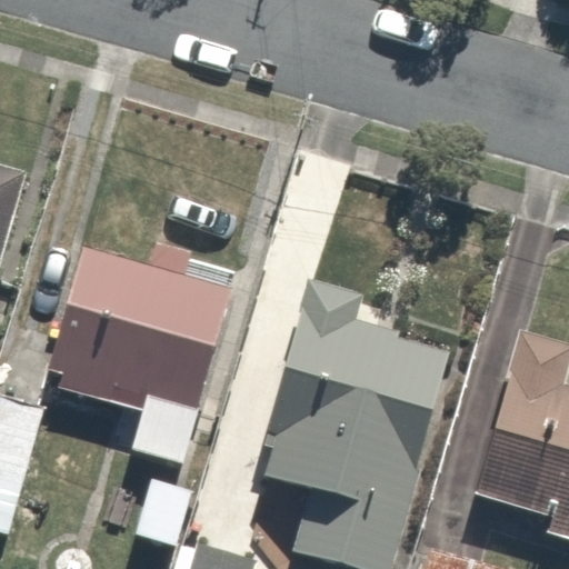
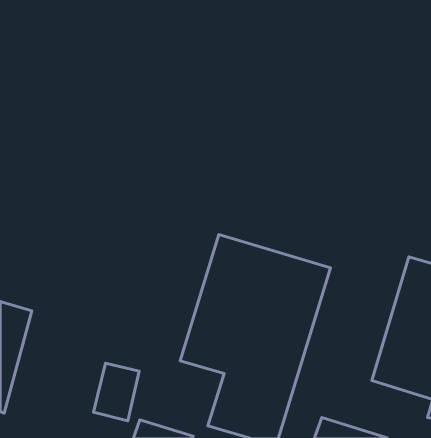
building: [43,247,241,468] -> none

